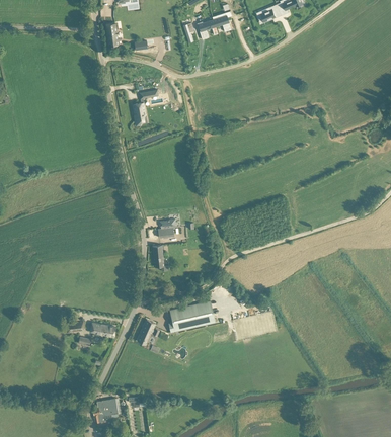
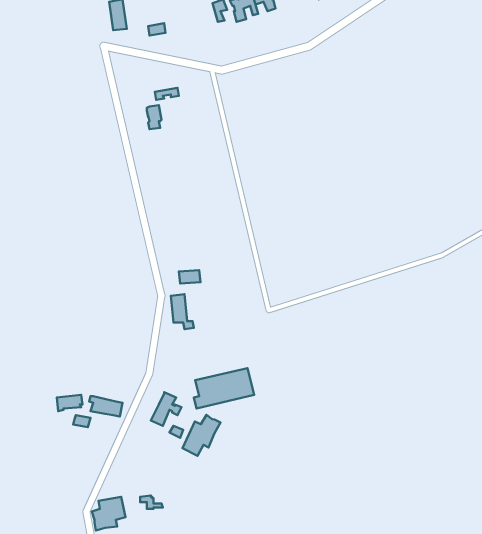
building: none -> [182,415,221,456]

